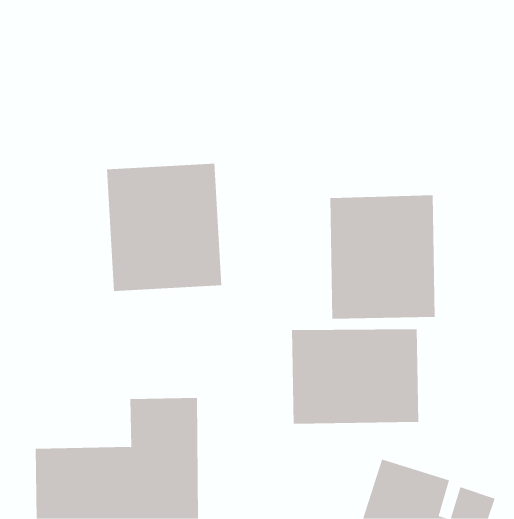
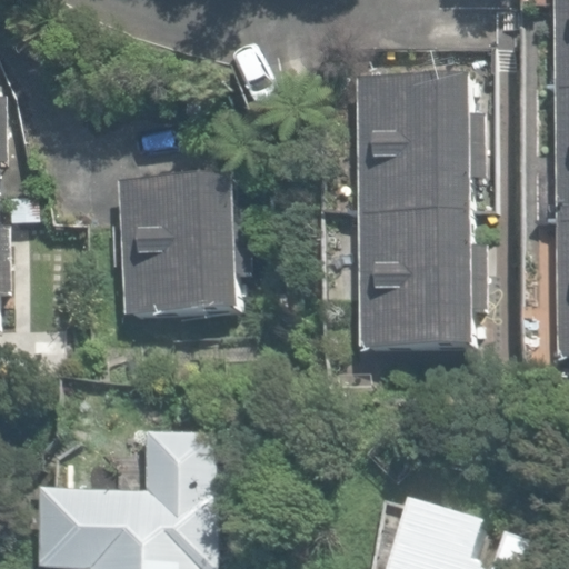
building: none -> [357,79,472,216]
building: [291,328,419,425] -> none

